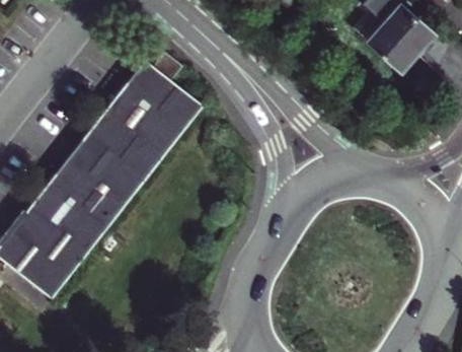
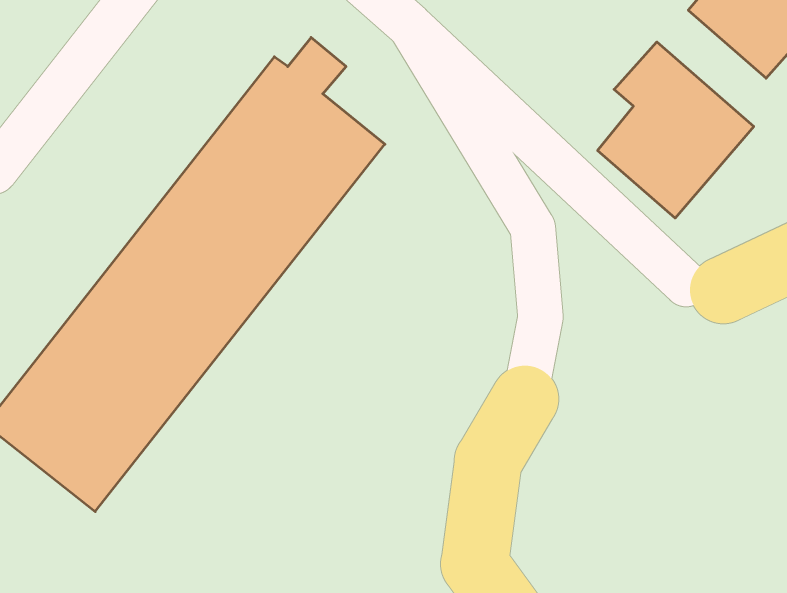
building: none -> [598,42,754,218]

